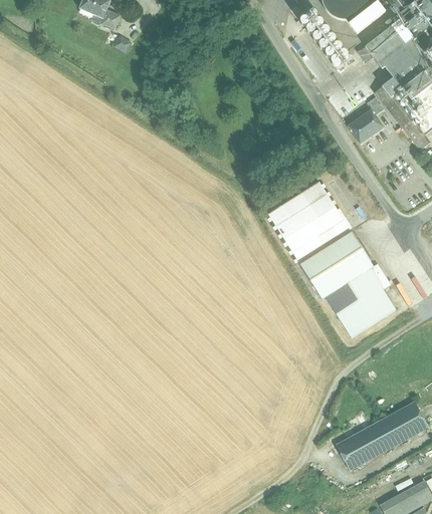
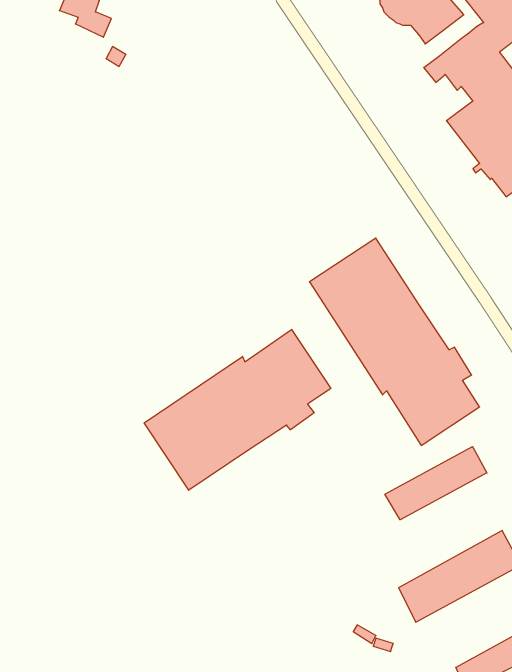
building: [348,98,383,143] -> none
building: none -> [144,329,331,490]
building: none -> [385,447,487,520]

